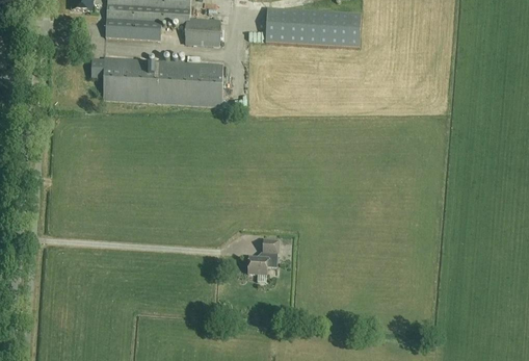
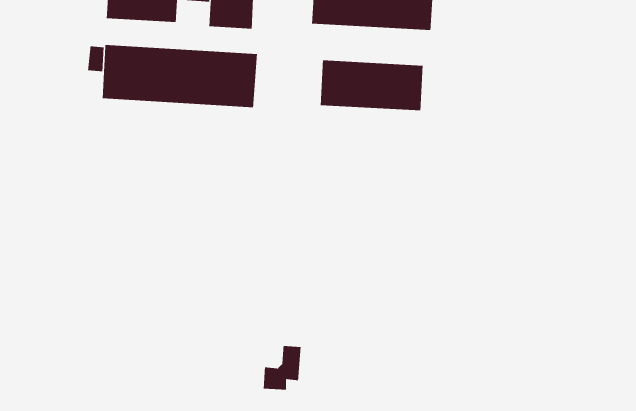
building: none -> [320,60,424,111]
building: [248,239,279,275] -> [263,345,302,391]

